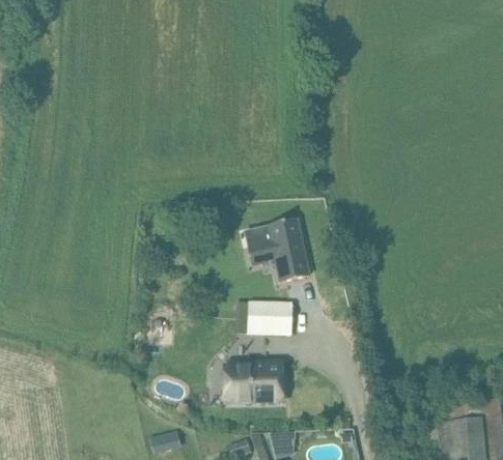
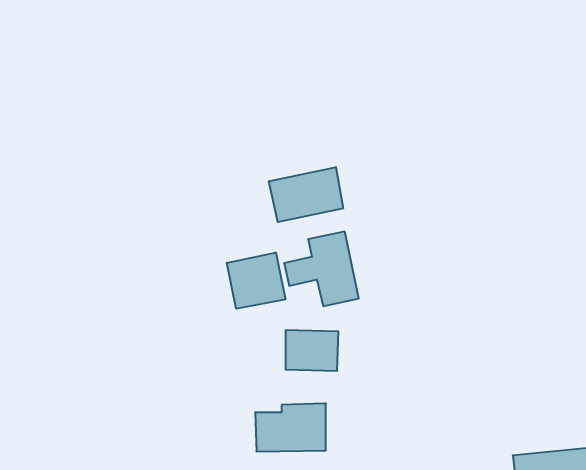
building: none -> [269,167,343,222]
building: none -> [227,252,285,309]

